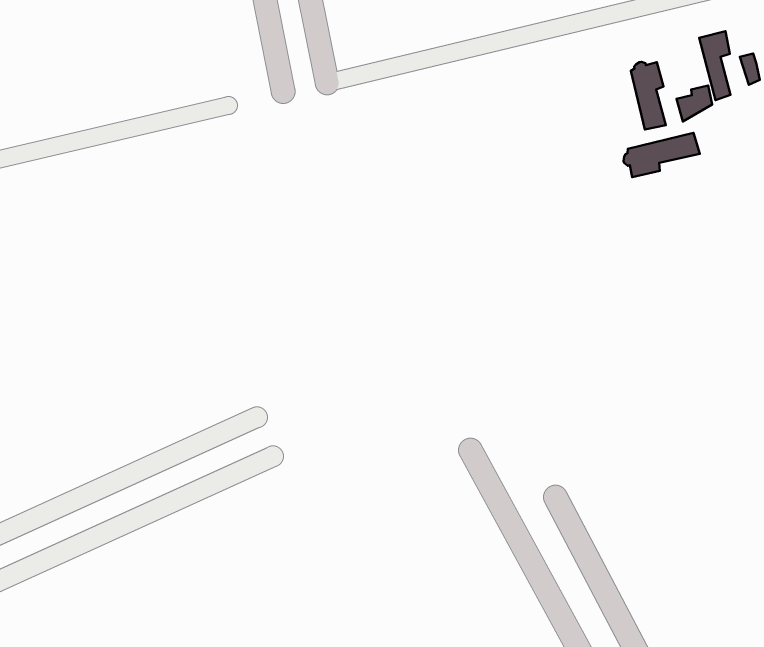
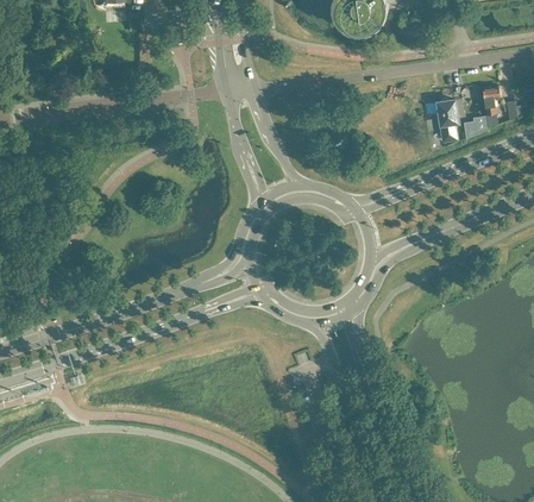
building: [624,133,700,177] -> none

